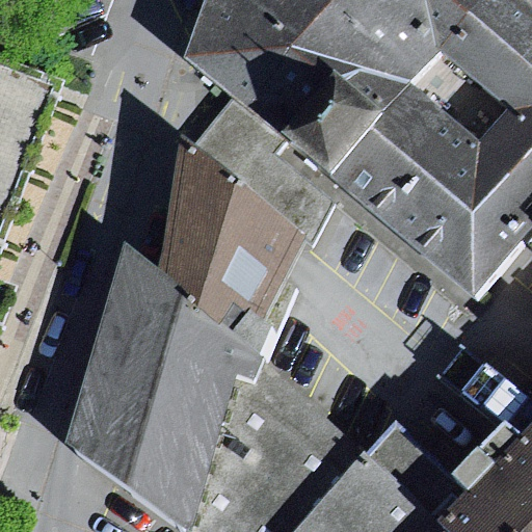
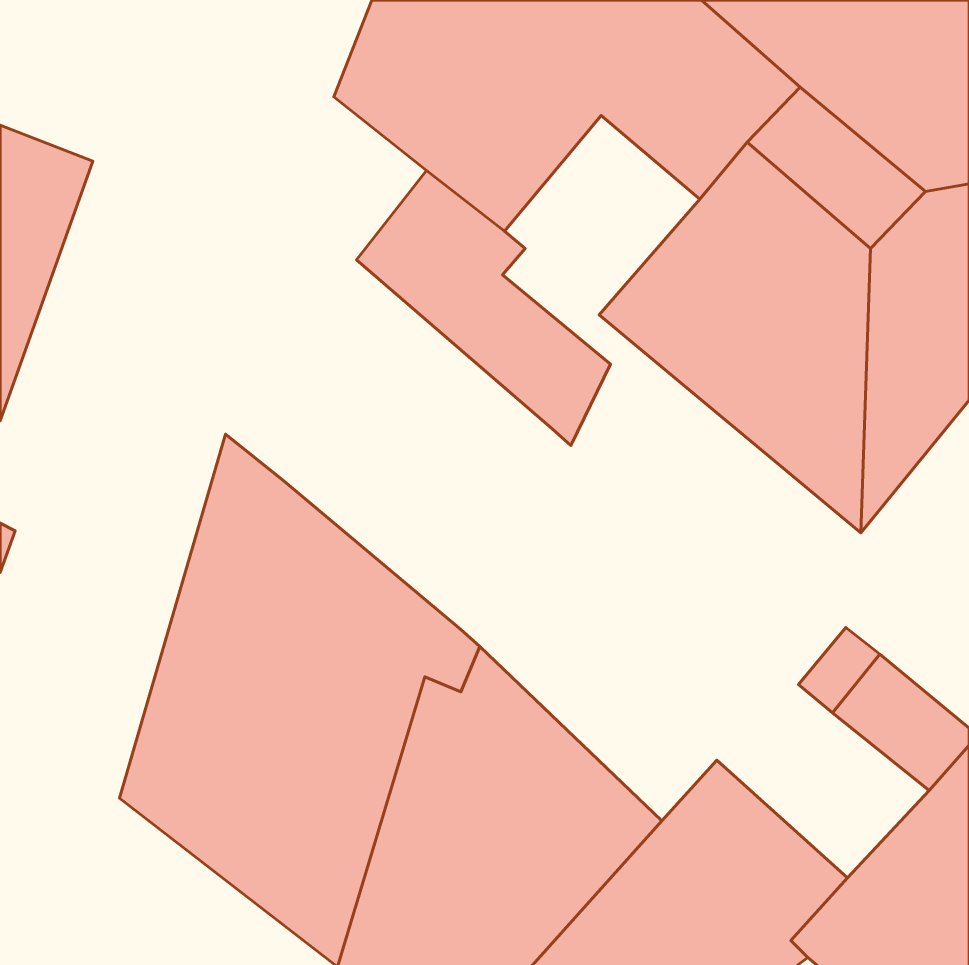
building: [276,65,383,175] -> none
building: [156,131,302,347] -> none

